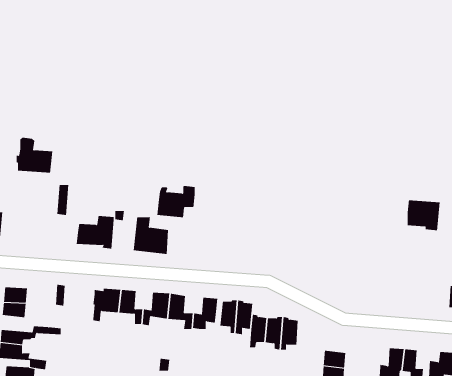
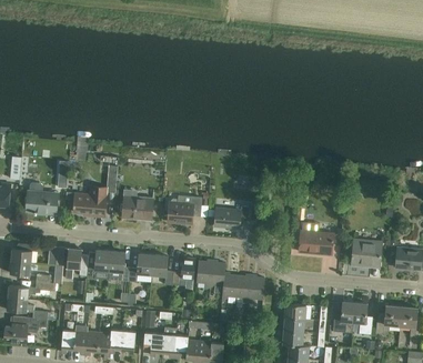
building: [16,137,53,173] -> [26,182,58,213]
building: [157,186,195,218] -> [168,196,201,224]
building: [407,200,440,231] -> [352,240,381,266]
building: none -> [208,208,249,228]
building: none -> [300,232,333,254]
building: none -> [66,248,89,279]

